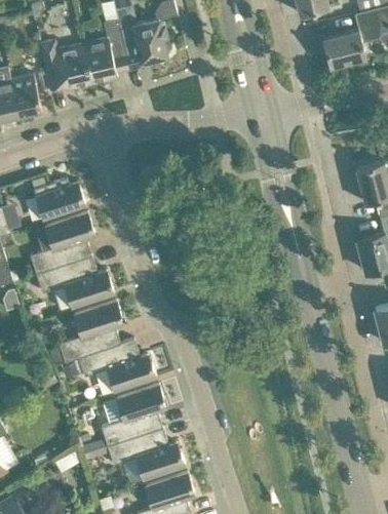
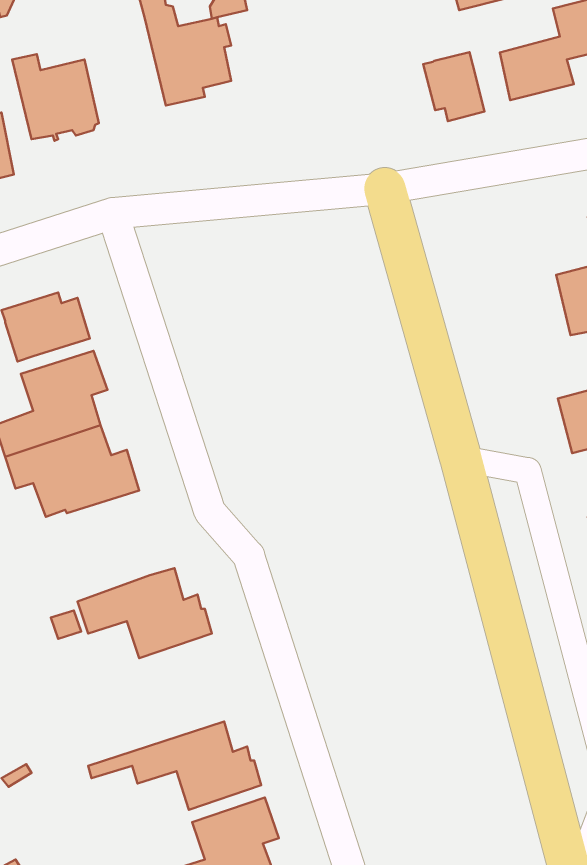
building: [82,18,129,83] -> none
building: none -> [423,52,485,121]
building: [48,301,122,363] -> none
building: [82,384,164,453] -> none

